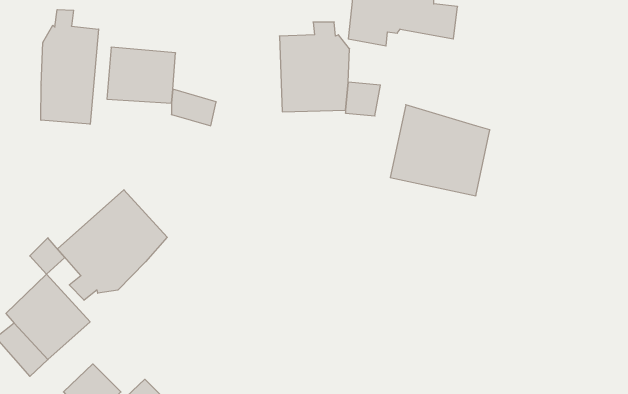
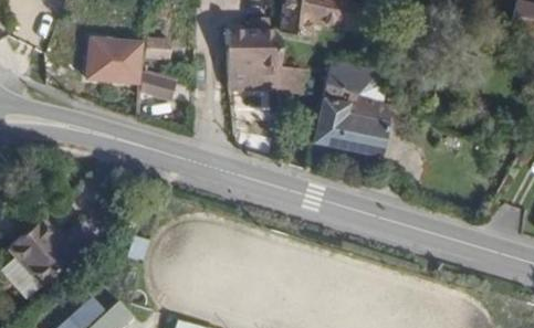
building: [41,10,99,124] -> none
building: none -> [325,61,385,100]
building: [57,190,167,300] -> none

